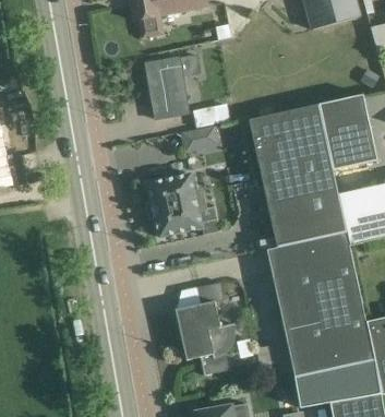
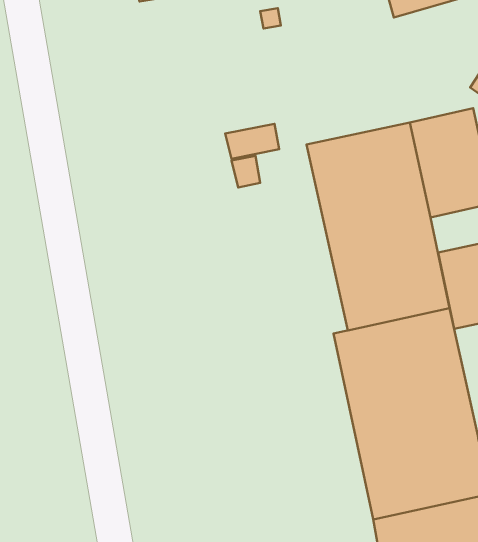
building: [145,57,189,119] -> none
building: [146,174,204,237] -> none
building: [175,283,233,373] -> none

